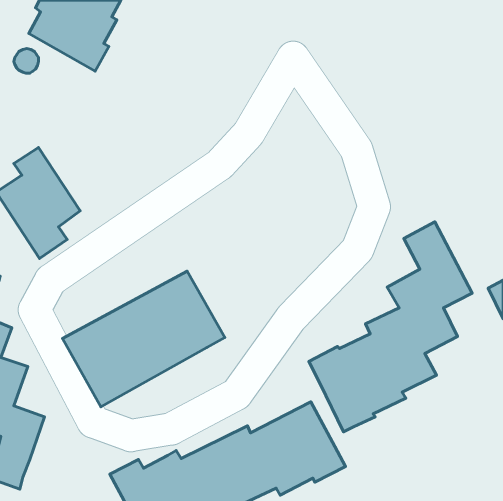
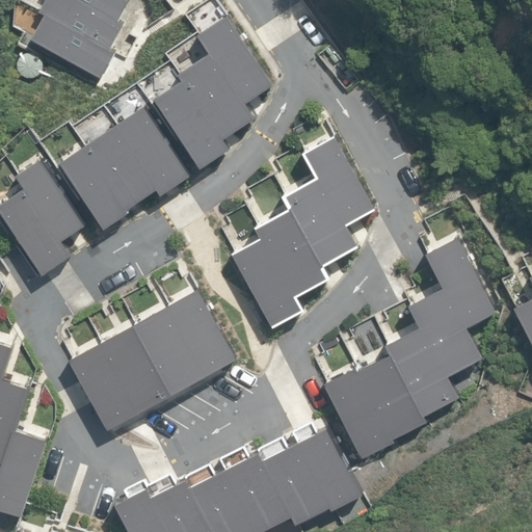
building: none -> [153,18,272,170]
building: none -> [57,107,188,232]
building: none -> [232,135,376,328]

